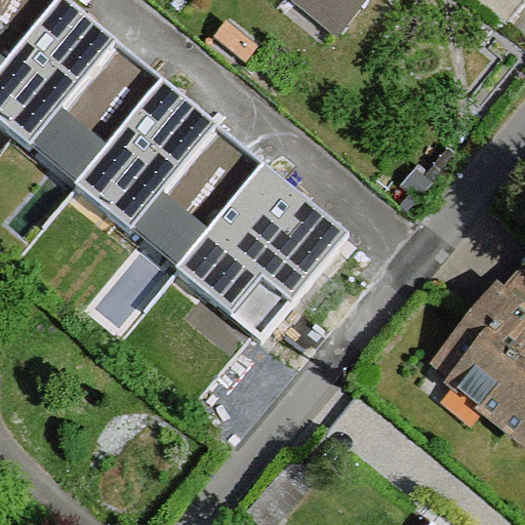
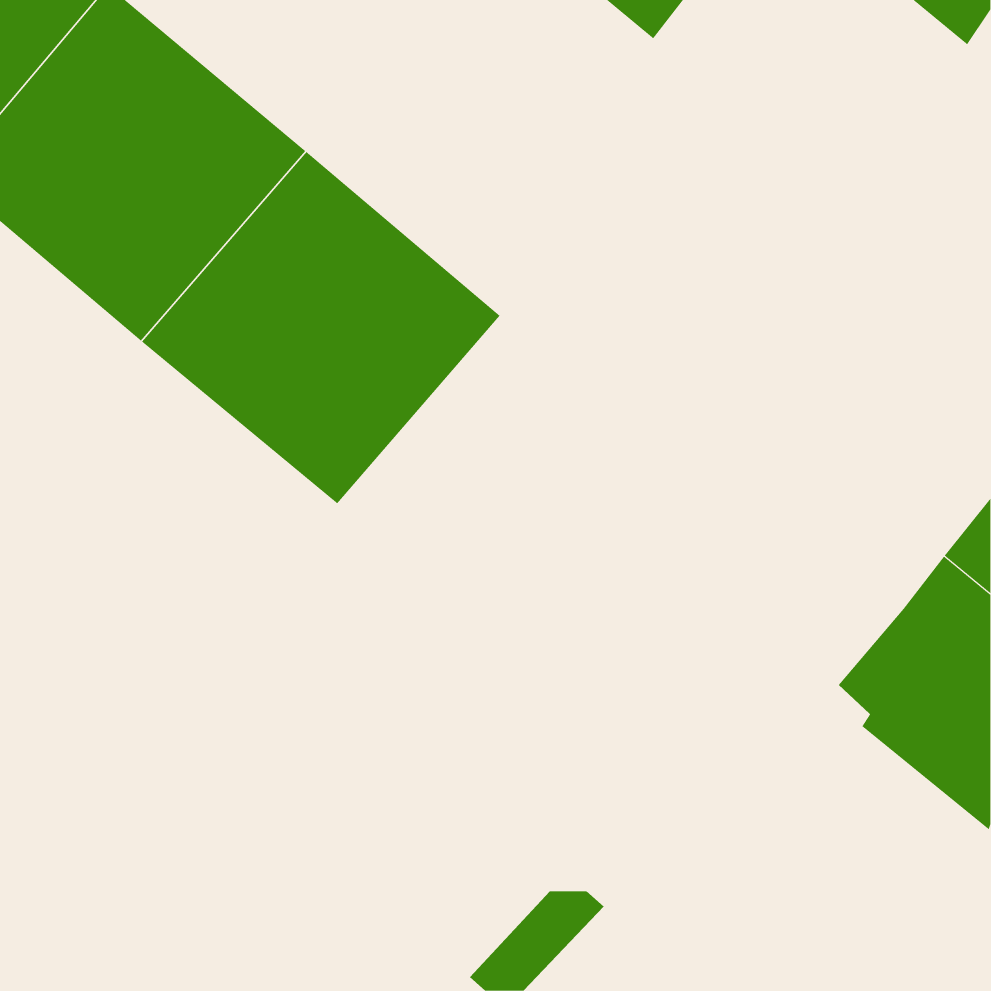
building: [176,165,352,341] -> none

